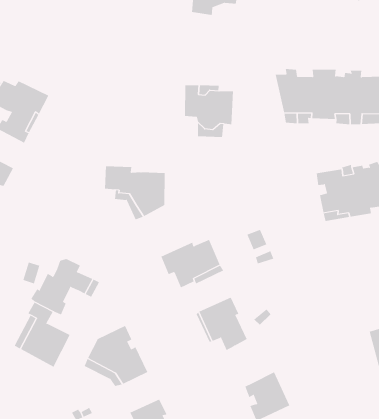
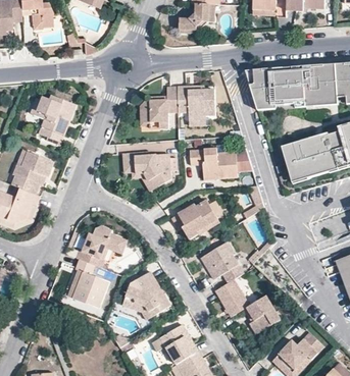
building: none -> [141,88,180,127]
building: none -> [191,149,251,180]
building: none -> [214,280,249,318]

